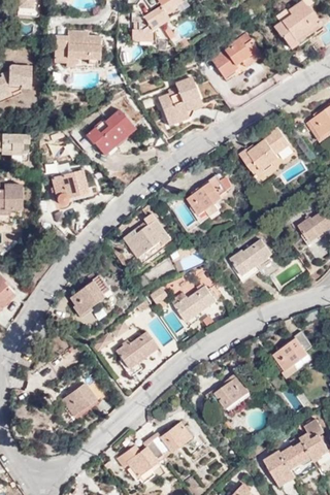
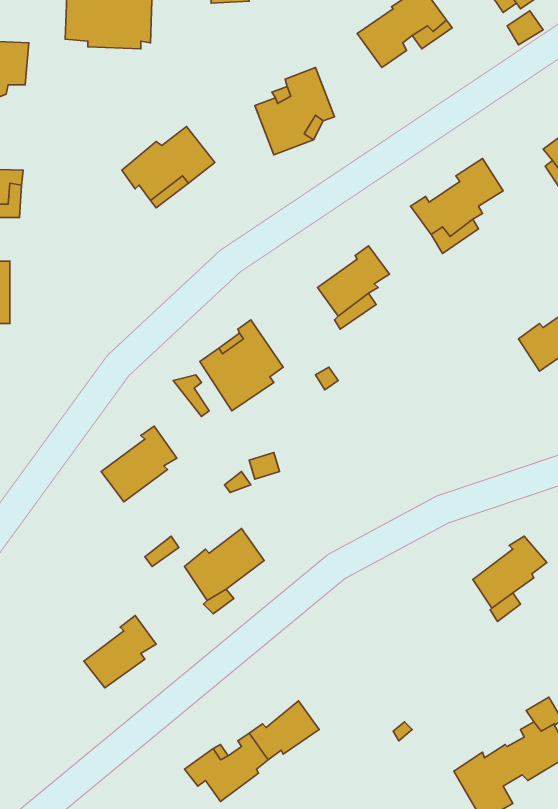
building: [51,170,87,205] -> none
building: [229,238,272,275] -> none
building: [174,284,218,322] -> none
building: [207,375,249,409] -> none

